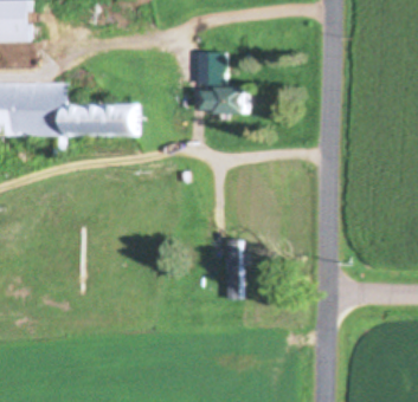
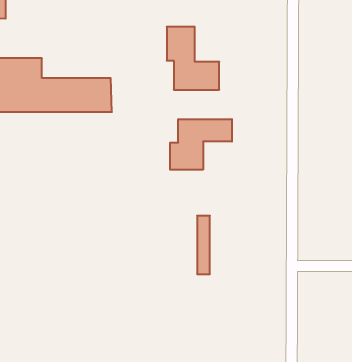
building: none -> [170,119,232,170]

